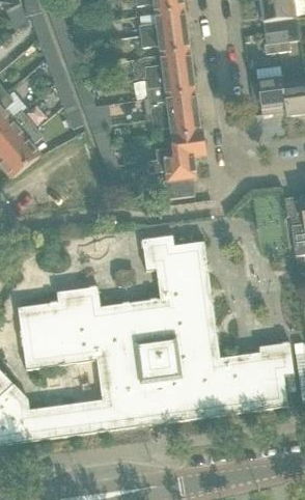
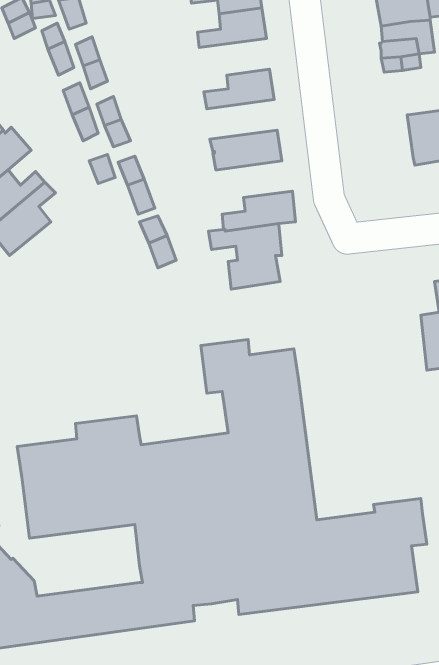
building: [140,29,188,54] -> none
building: [255,64,285,113] -> none
building: [145,71,193,98] -> none
building: [151,112,203,137] -> none

